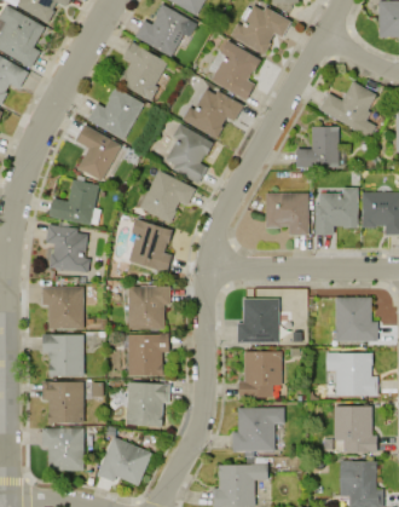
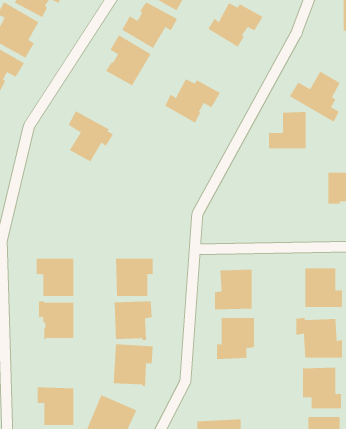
building: [208,41,261,100] -> none
building: [87,87,144,140] -> none
building: [166,123,214,184] -> none
building: [139,171,195,223] -> none
building: [50,180,100,225] -> none
building: [316,189,358,236] -> none
building: [266,194,308,236] -> none
building: [121,219,173,273] -> none
building: [45,224,89,273] -> none
building: [42,382,83,425] -> none
building: [232,408,284,451] -> none

